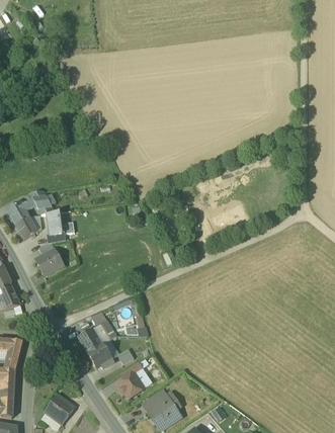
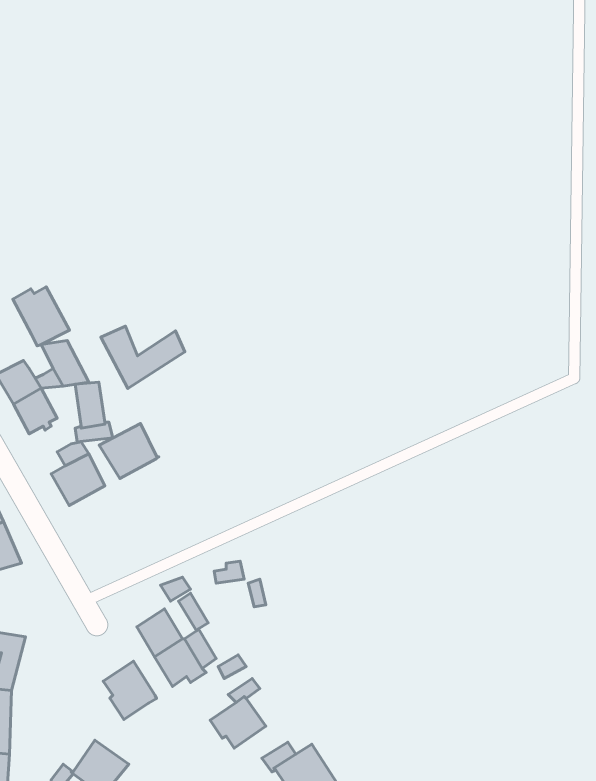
building: none -> [13,287,69,346]
building: none -> [101,326,185,388]
building: none -> [99,424,159,479]
building: none -> [103,661,157,719]

